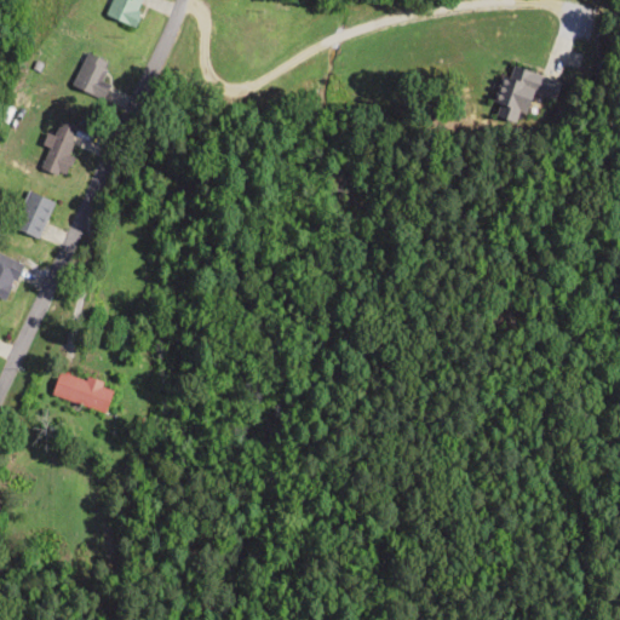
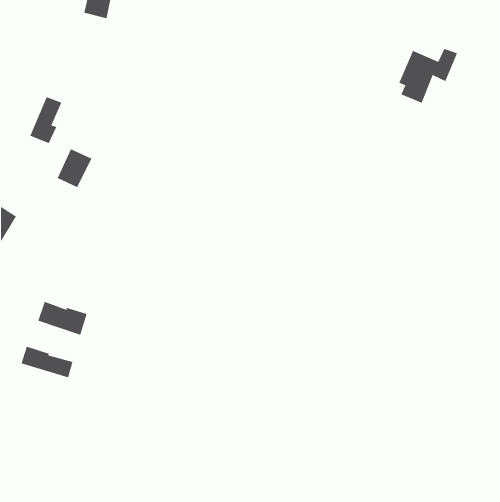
building: [73,51,113,97] -> none
building: [12,190,56,239] -> [57,149,92,188]
building: none -> [21,346,73,378]

